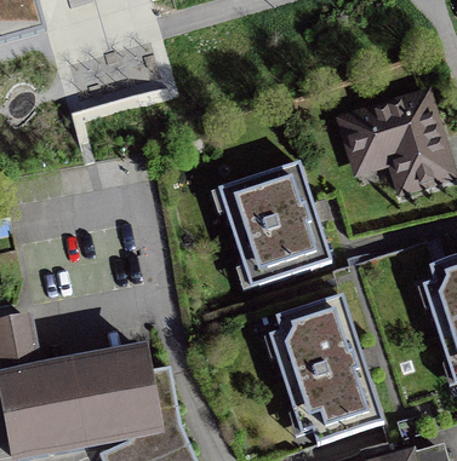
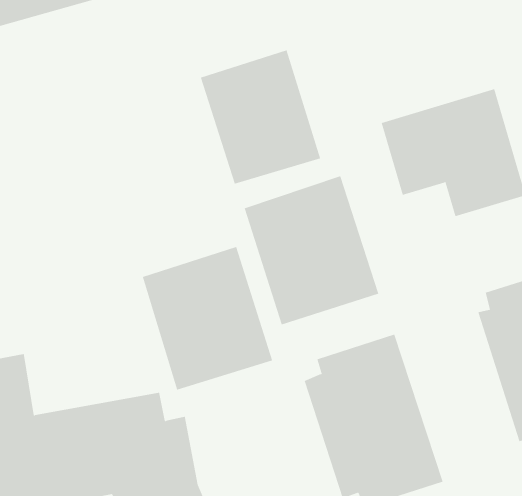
building: none -> [200,50,321,184]
building: none -> [142,246,273,391]

